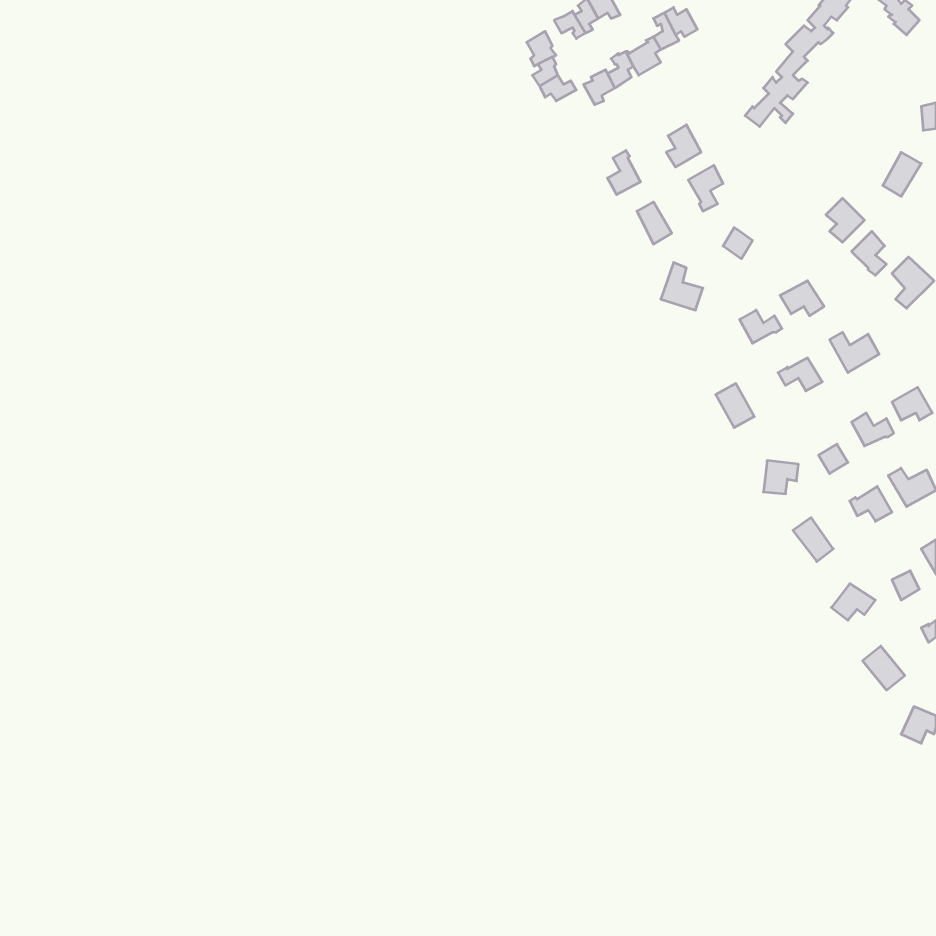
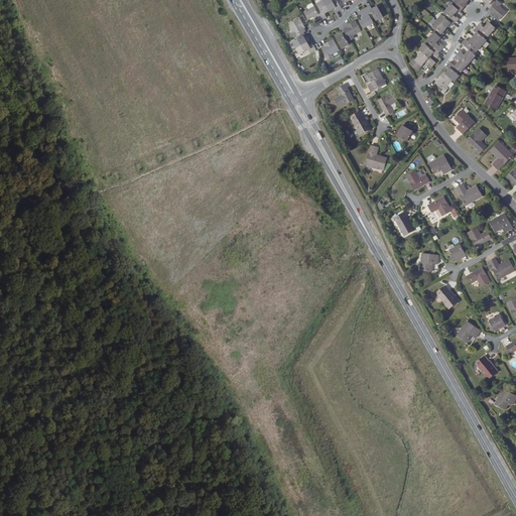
building: none -> [435,21,495,91]

